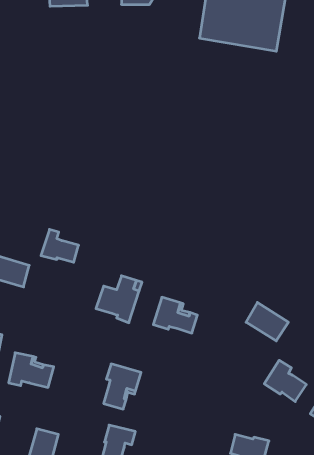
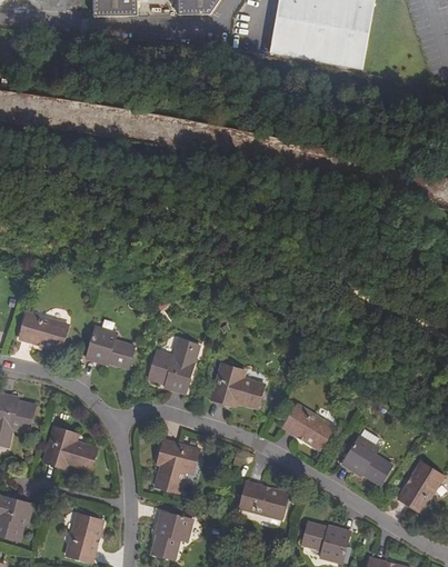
building: [41,229,79,262] -> [86,322,130,361]
building: [246,302,288,341] -> [286,402,336,448]
building: none -> [240,483,289,520]

